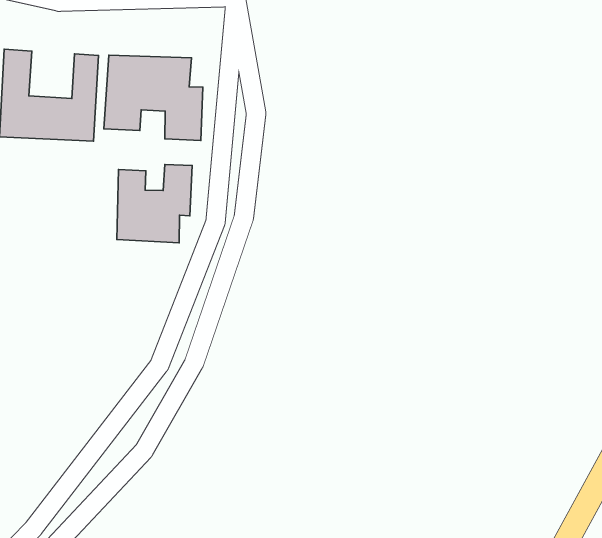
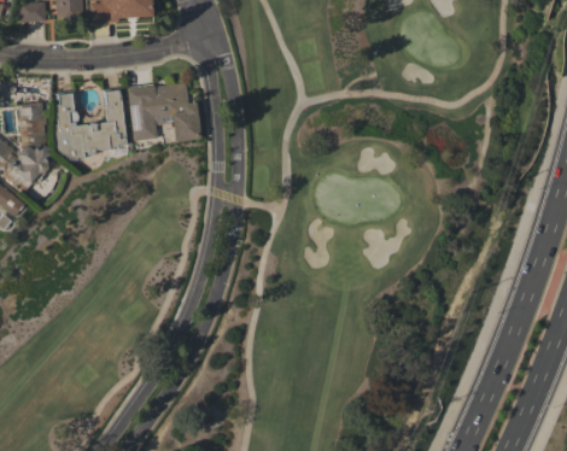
building: [117,164,192,243] -> none

